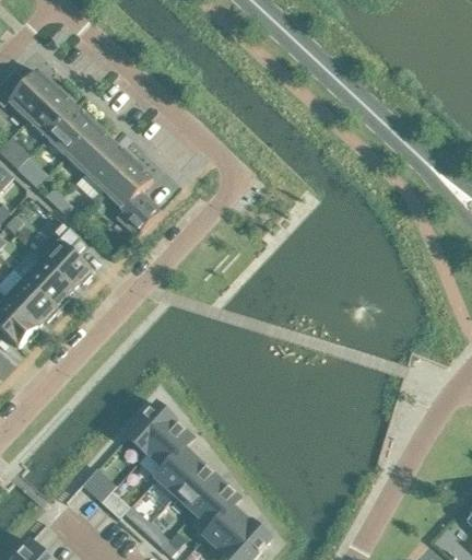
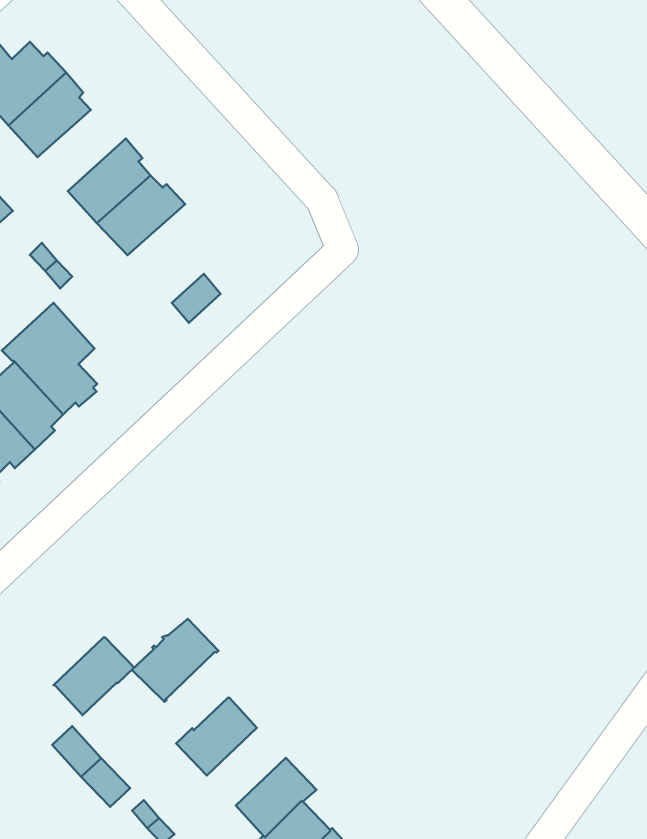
building: [46,106,97,155] -> none
building: [104,158,153,209] -> none
building: [146,421,193,468] -> [53,637,134,715]
building: [175,464,221,511] -> none

